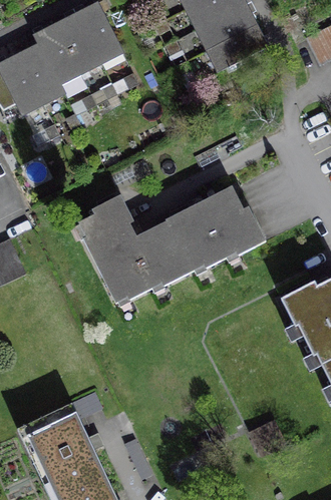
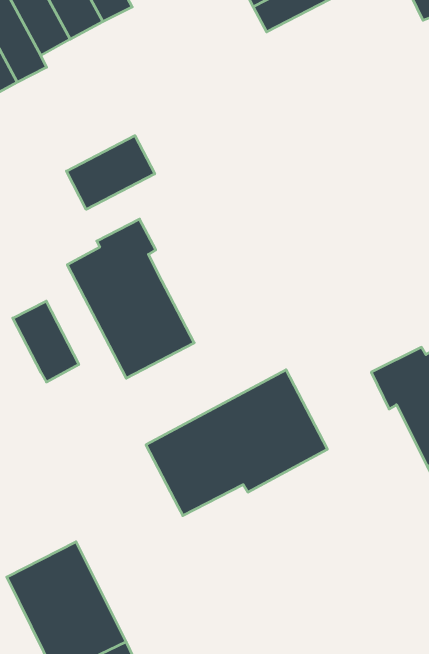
building: none -> [66,136,155,209]
building: [141,187,265,287] -> [146,370,327,516]
building: none -> [13,301,79,382]

